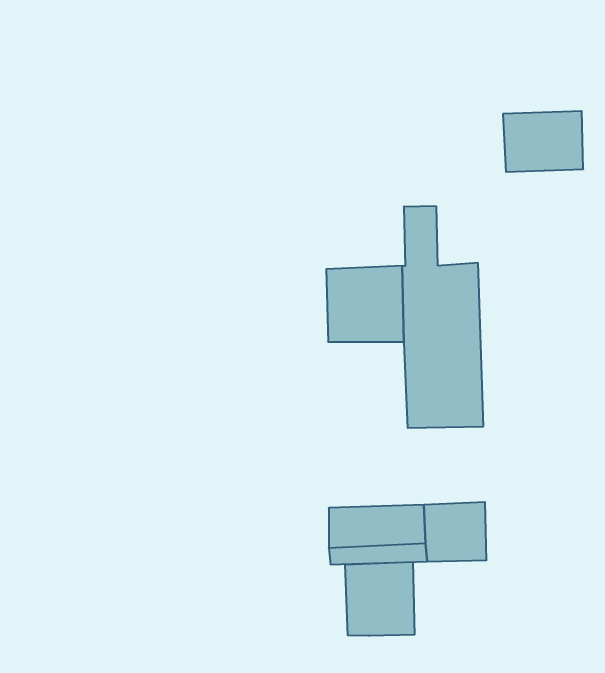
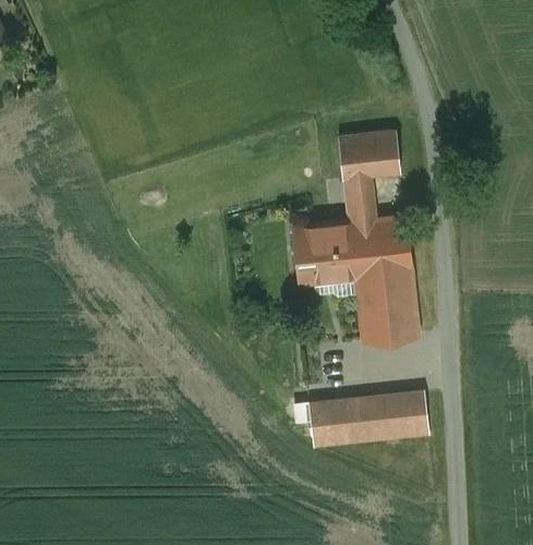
building: [503,111,583,172] -> [338,131,400,180]
building: [345,562,414,636] -> none

